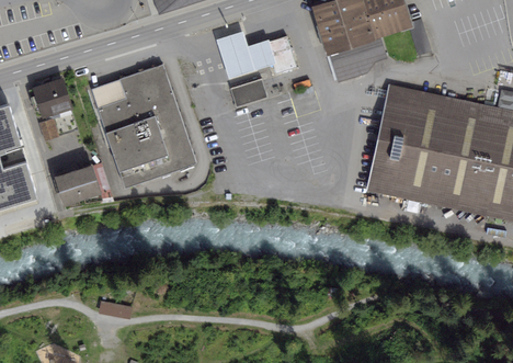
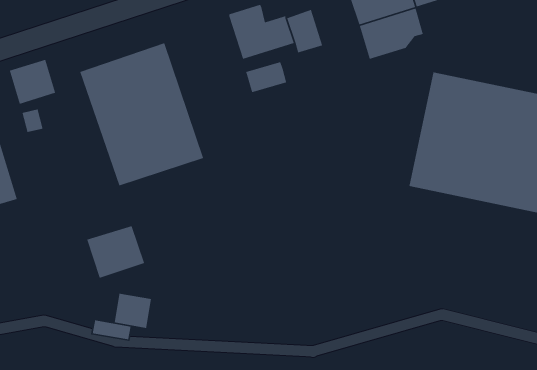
building: [47,166,98,212] -> [86,225,145,279]
building: none -> [114,293,152,329]

